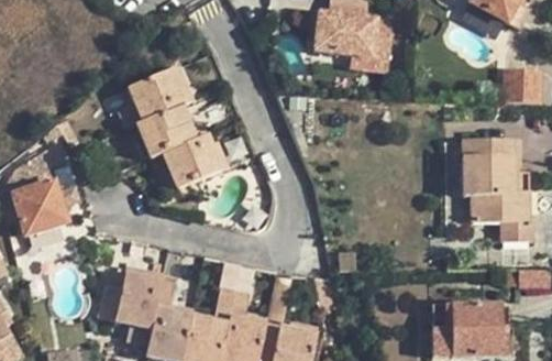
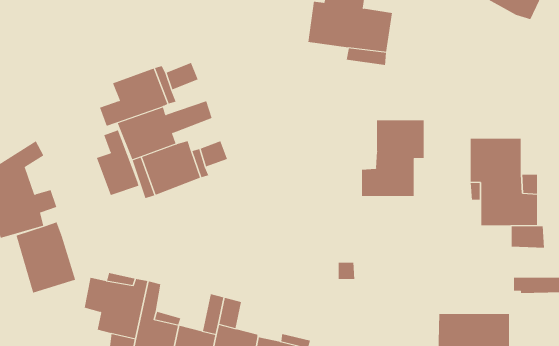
building: [509,70,542,105] -> none
building: none -> [362,119,424,197]
building: none -> [96,130,139,196]
building: none -> [16,221,76,294]

